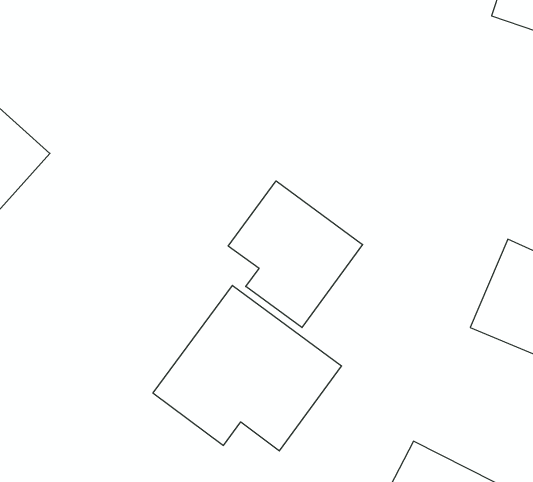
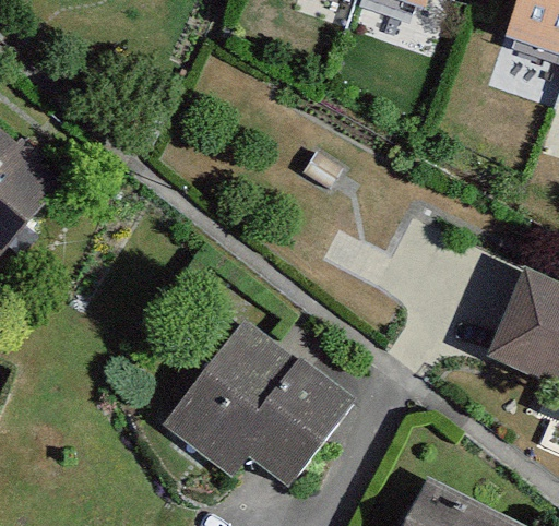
building: [228,181,363,328] -> none

